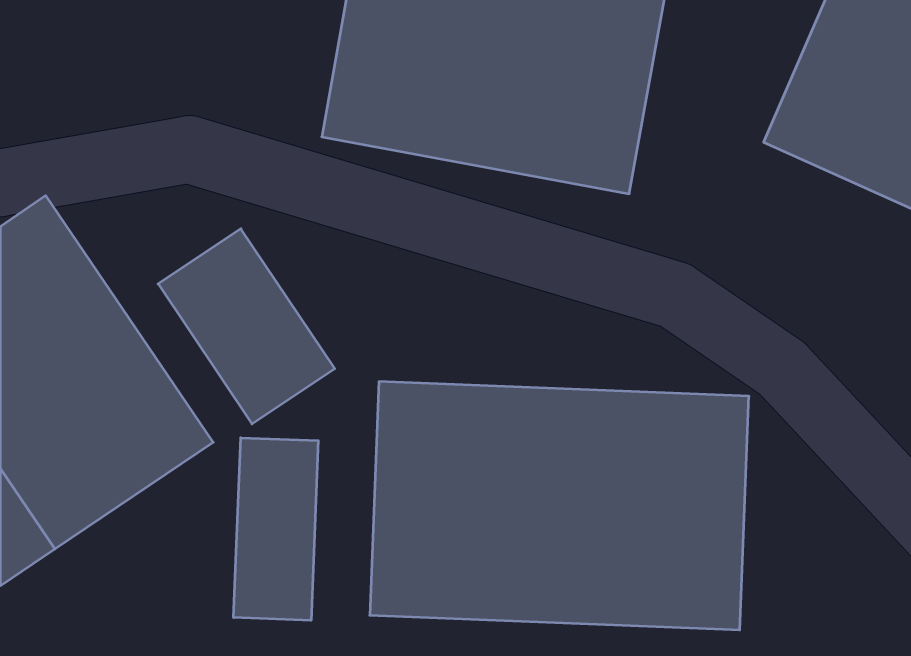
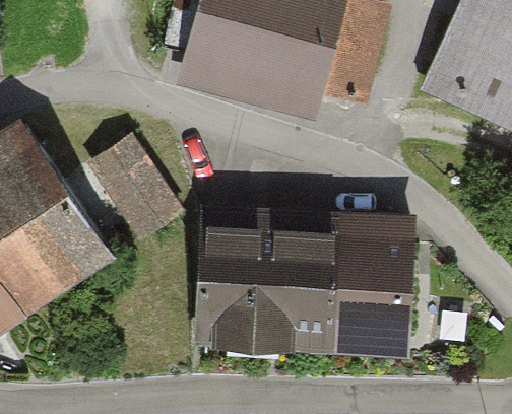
building: [234,438,318,620] -> none

